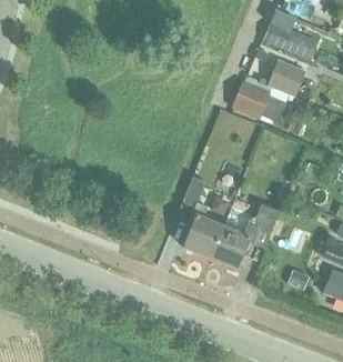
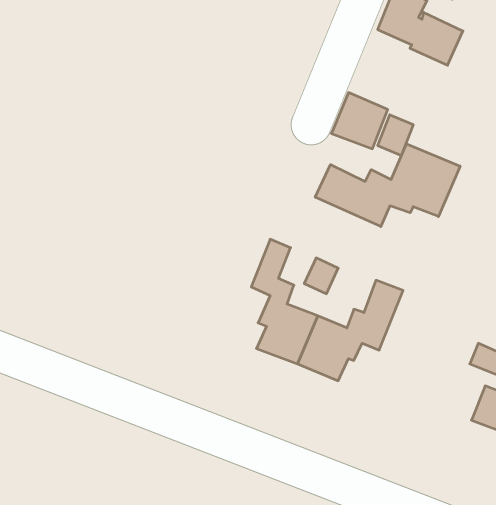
building: [268,59,305,94] -> none
building: none -> [315,144,460,227]

